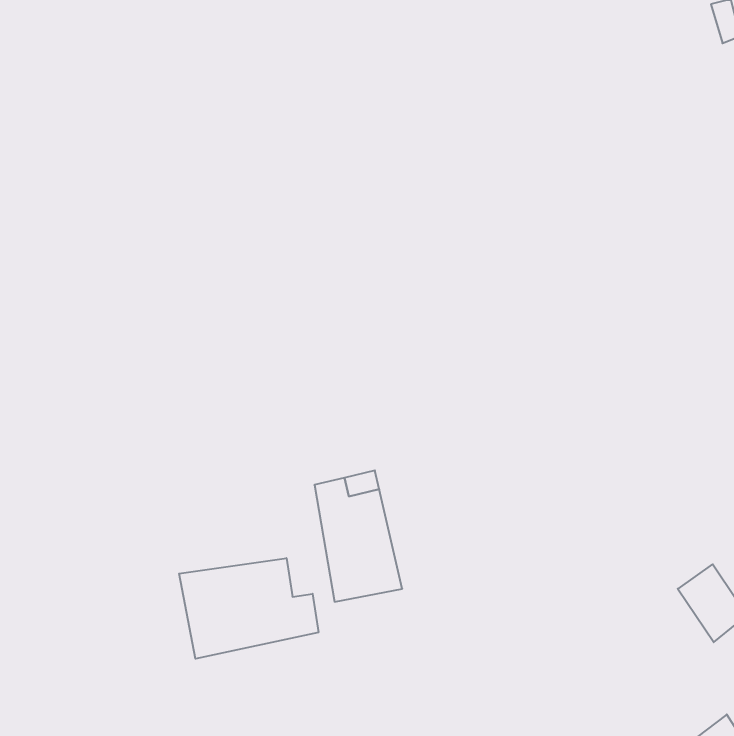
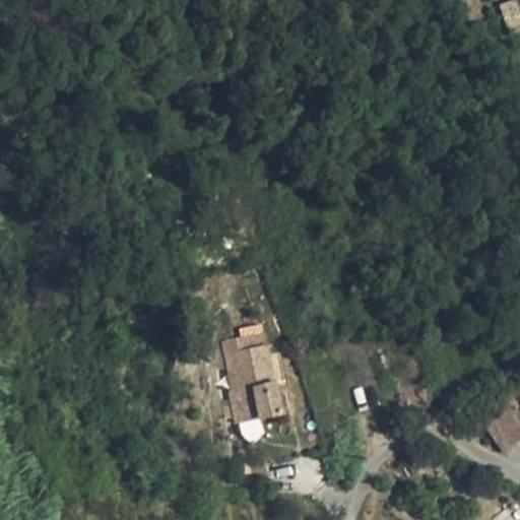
building: [179,558,318,659] -> none

